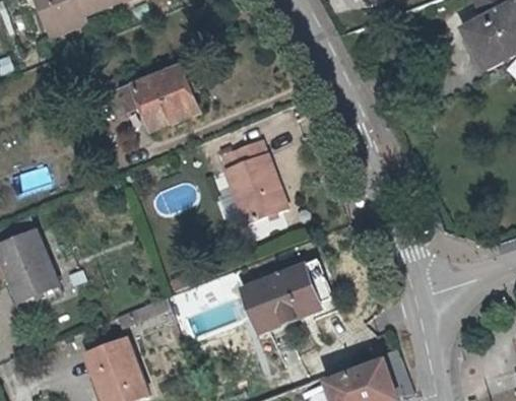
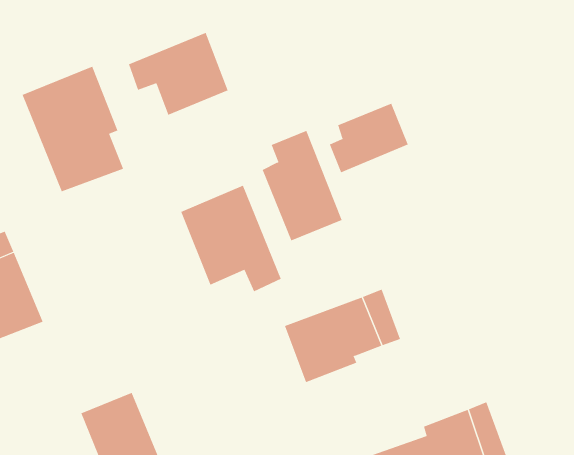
building: none -> [22,66,124,192]
building: none -> [329,103,409,173]
building: none -> [181,185,282,292]

